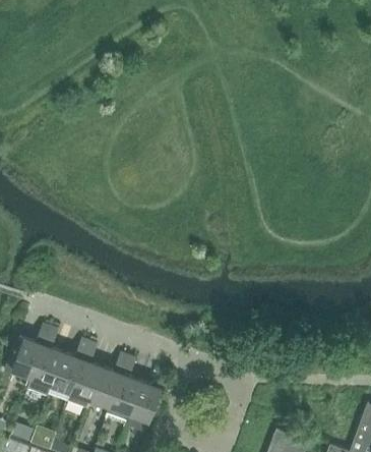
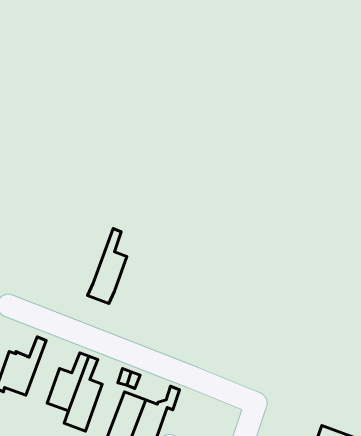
building: [27,329,63,397] -> [88,228,127,304]
building: [90,369,122,407] -> none

